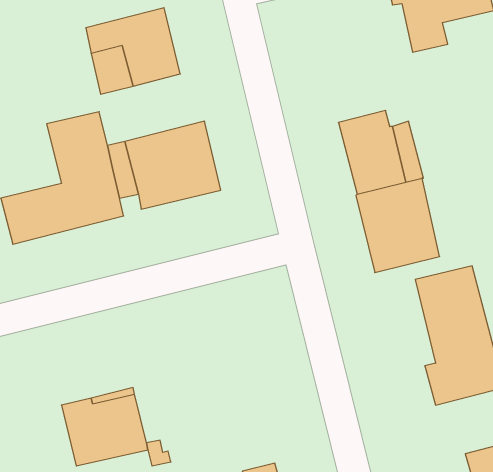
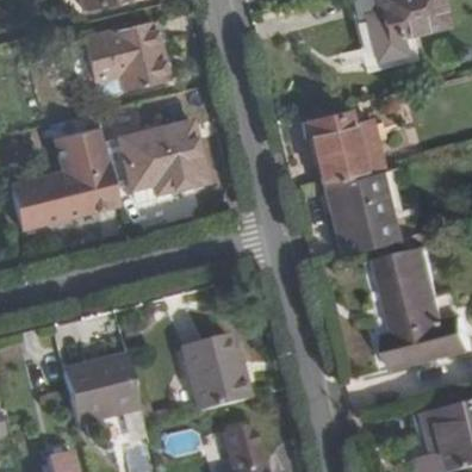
building: none -> [182,335,249,411]

